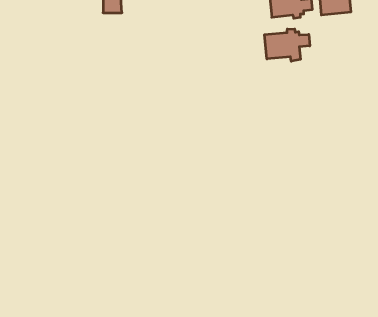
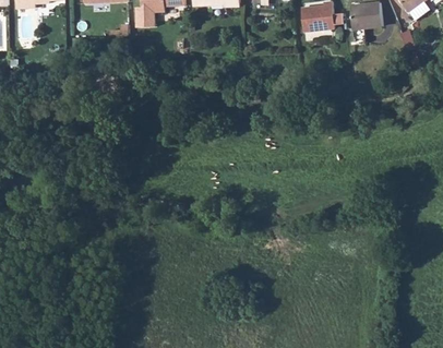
building: [265,29,310,61] -> none

